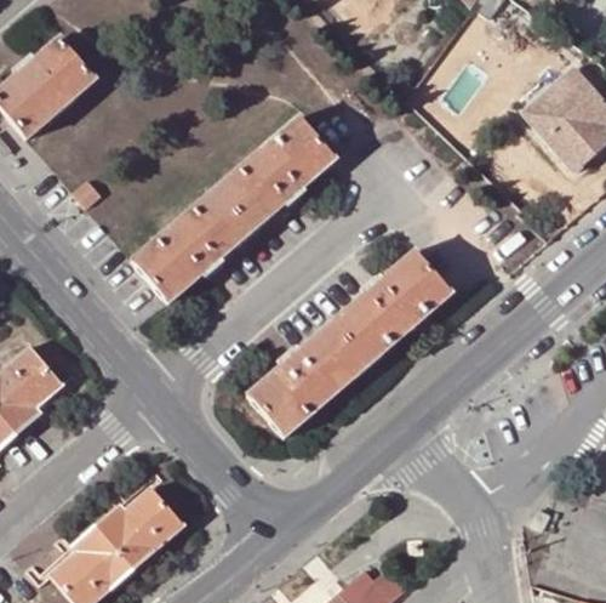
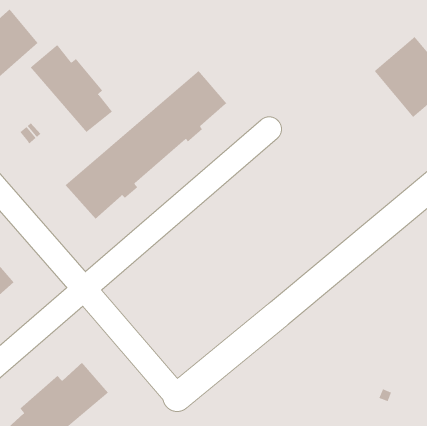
building: none -> [30,44,113,133]
building: [246,248,452,439] -> none

